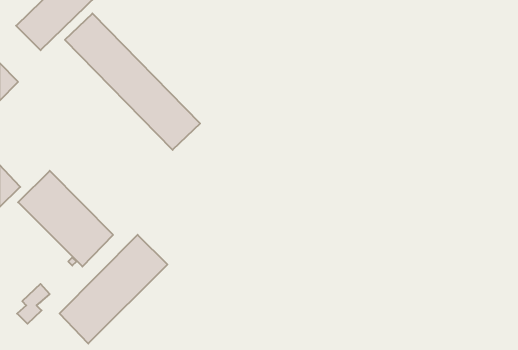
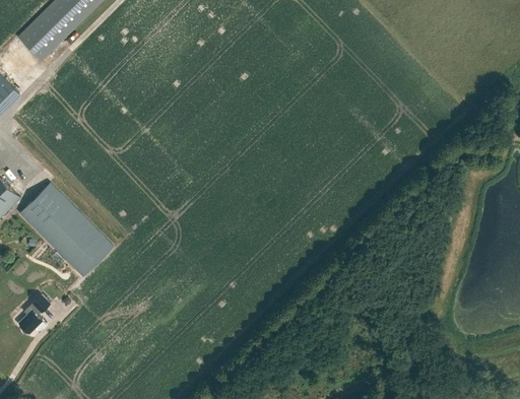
building: [65,13,200,150] -> none
building: [60,235,167,344] -> none

